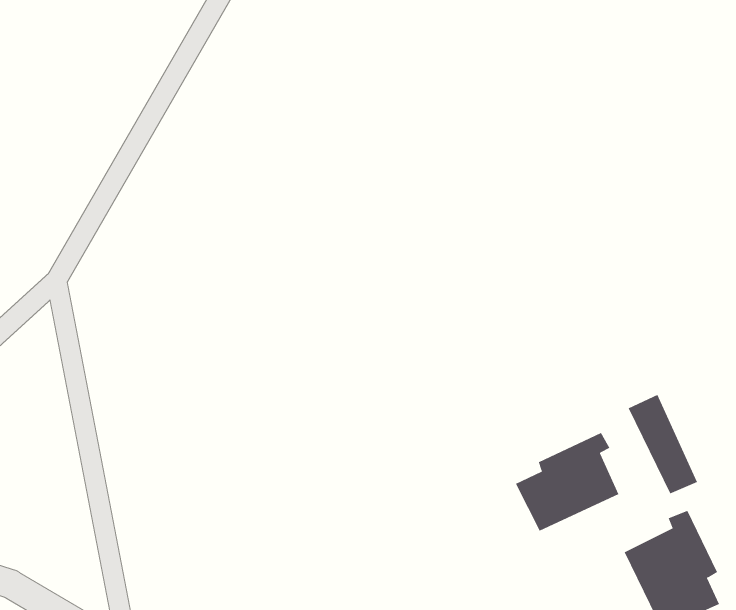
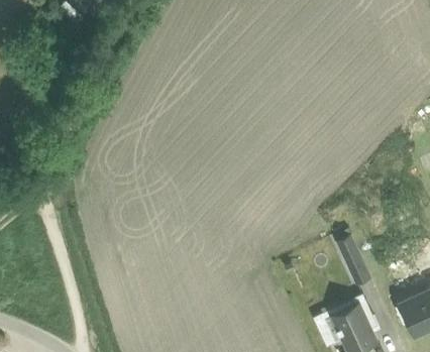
building: [515,432,619,531] -> none

